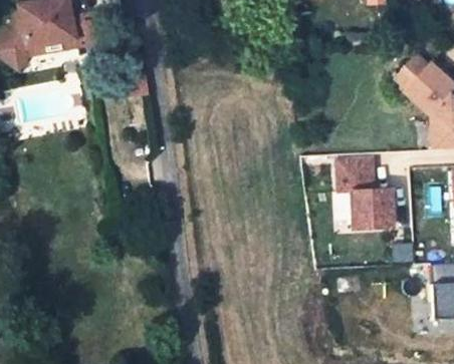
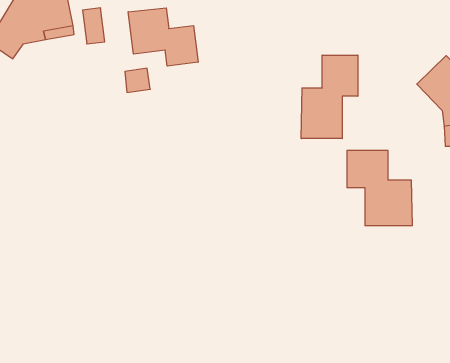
building: none -> [128,8,198,66]
building: none -> [301,55,358,139]

